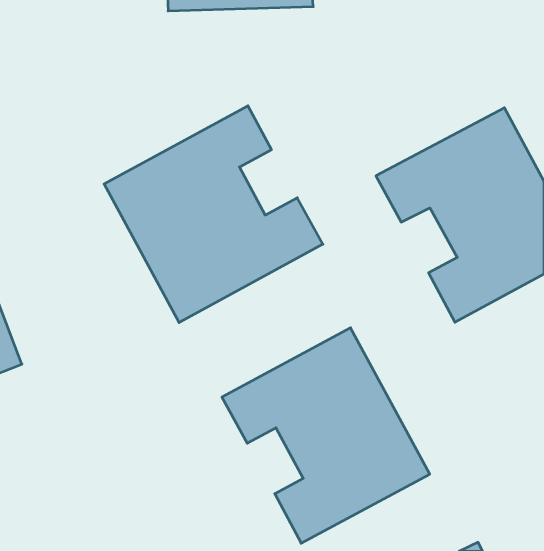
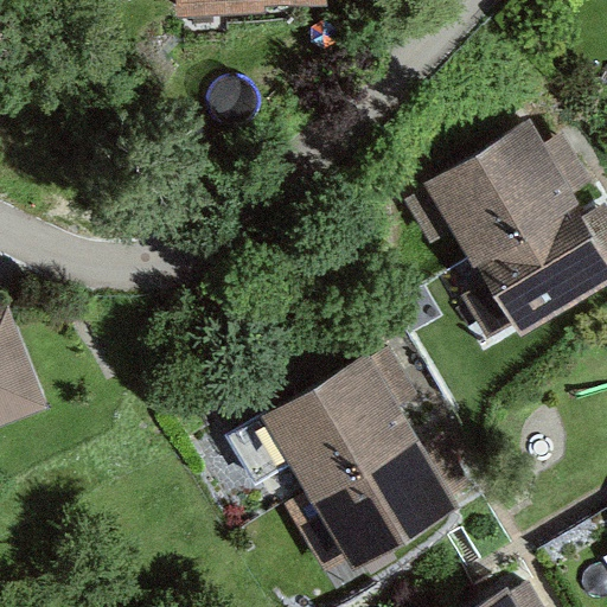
building: [104,106,323,323] -> none

